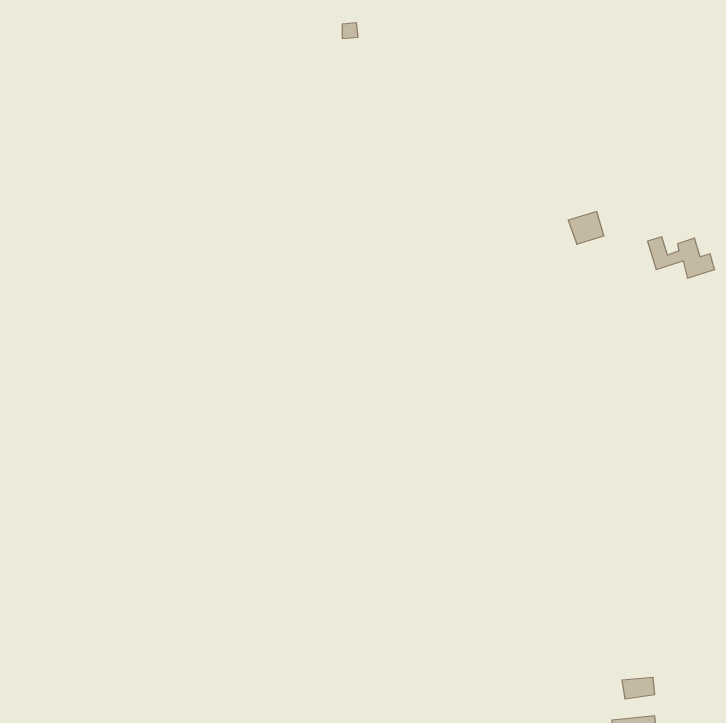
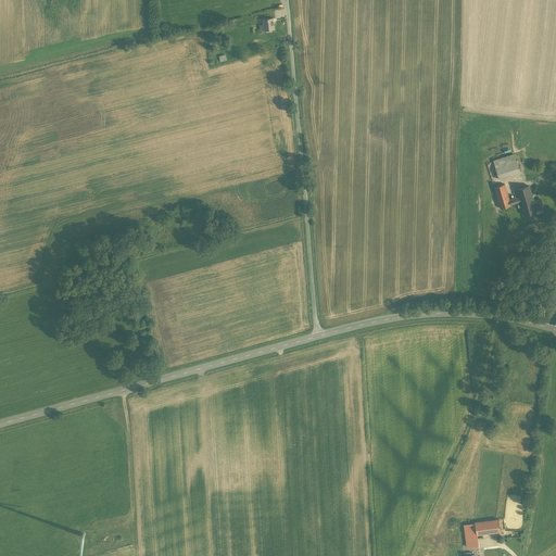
building: [568,211,604,244] -> [492,155,519,180]

